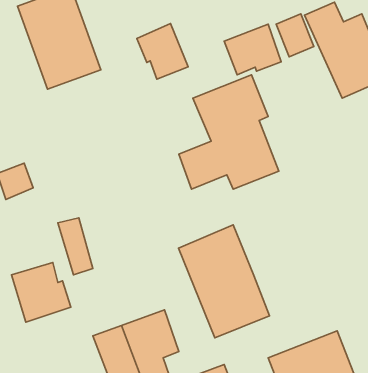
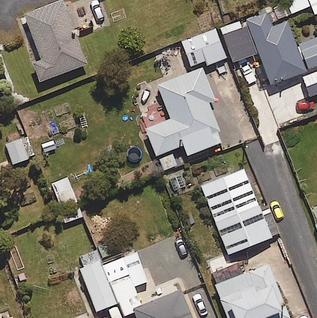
building: [137,23,188,79] -> none
building: [179,225,269,338] -> [201,168,271,255]
building: [11,262,71,322] -> none

